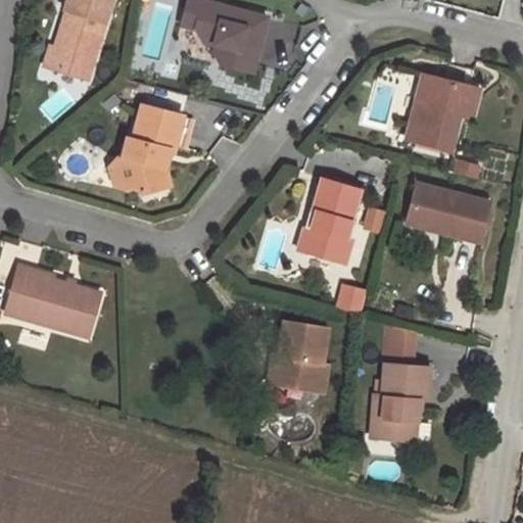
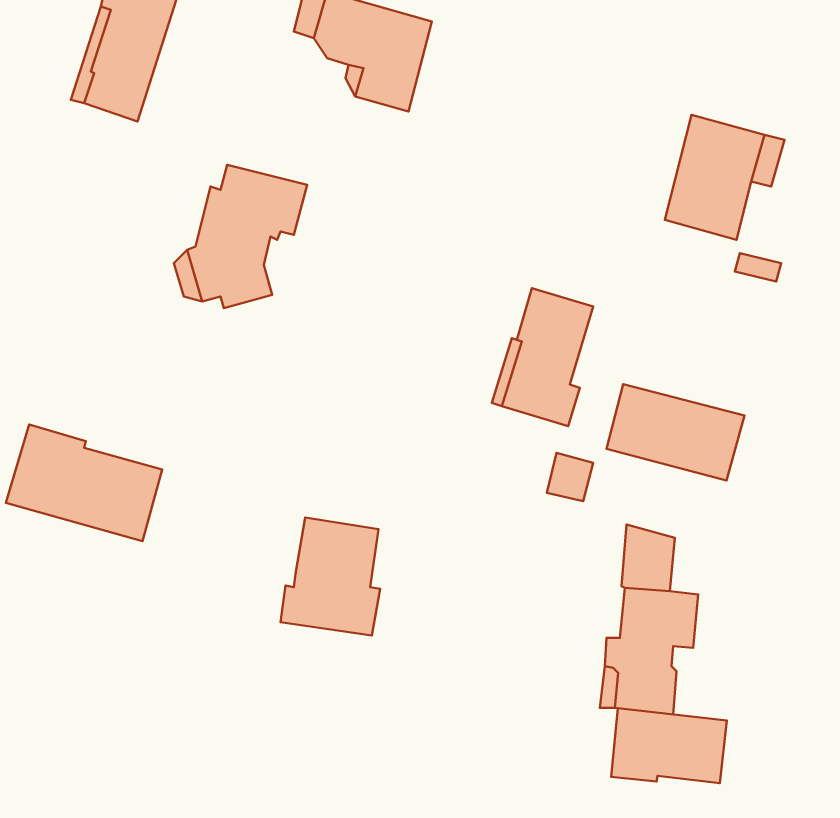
building: [406,184,490,243] -> [607,384,745,481]
building: [267,321,328,393] -> [280,517,380,636]
building: none -> [611,708,727,783]

